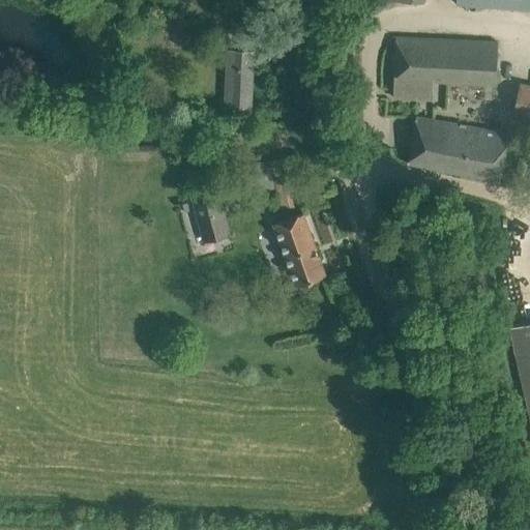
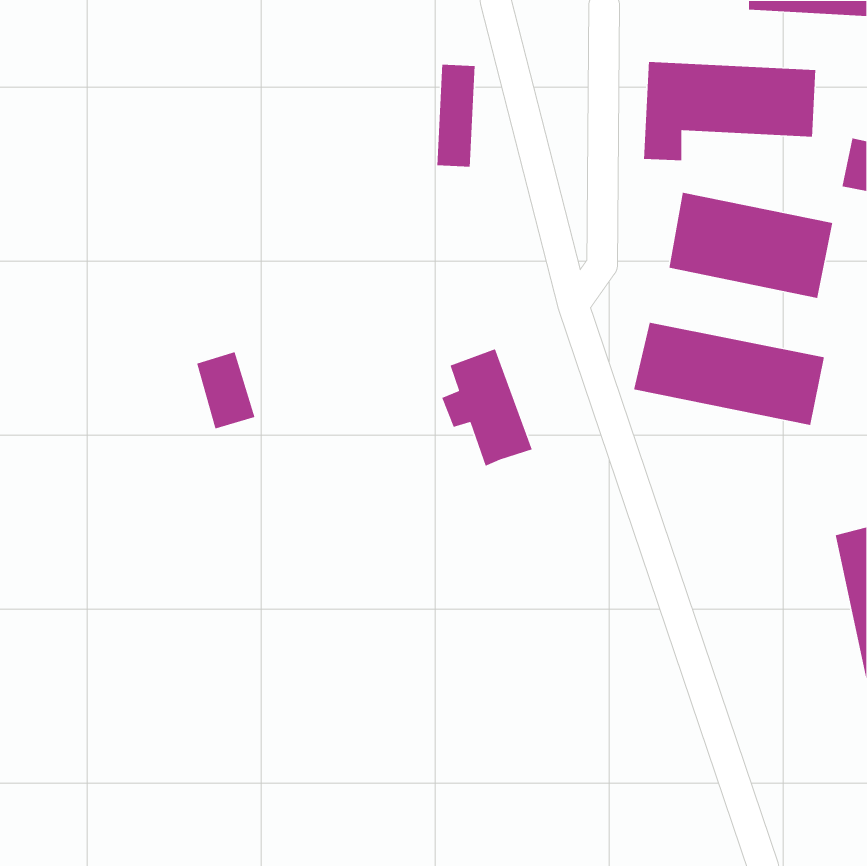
building: [229,51,253,114] -> [436,64,475,167]
building: [194,195,230,242] -> [196,351,256,429]
building: none -> [633,322,825,426]

